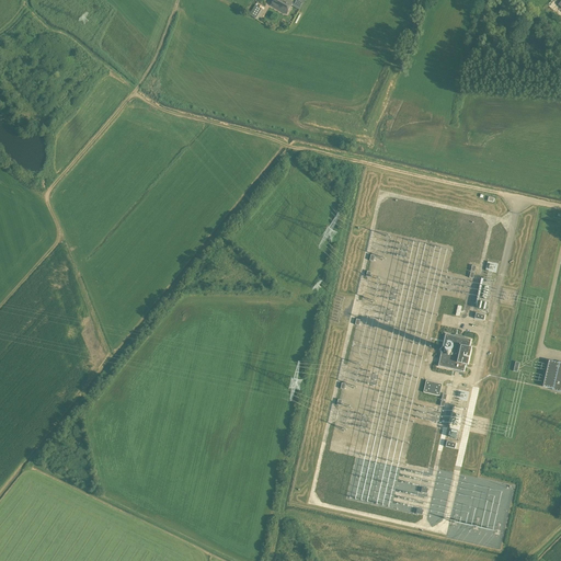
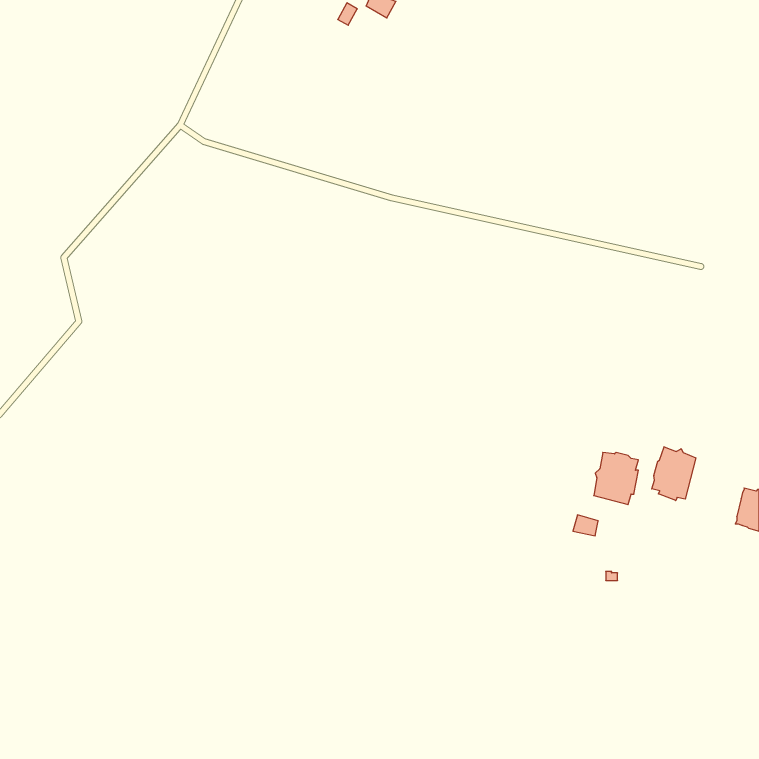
building: none -> [652,447,696,501]

